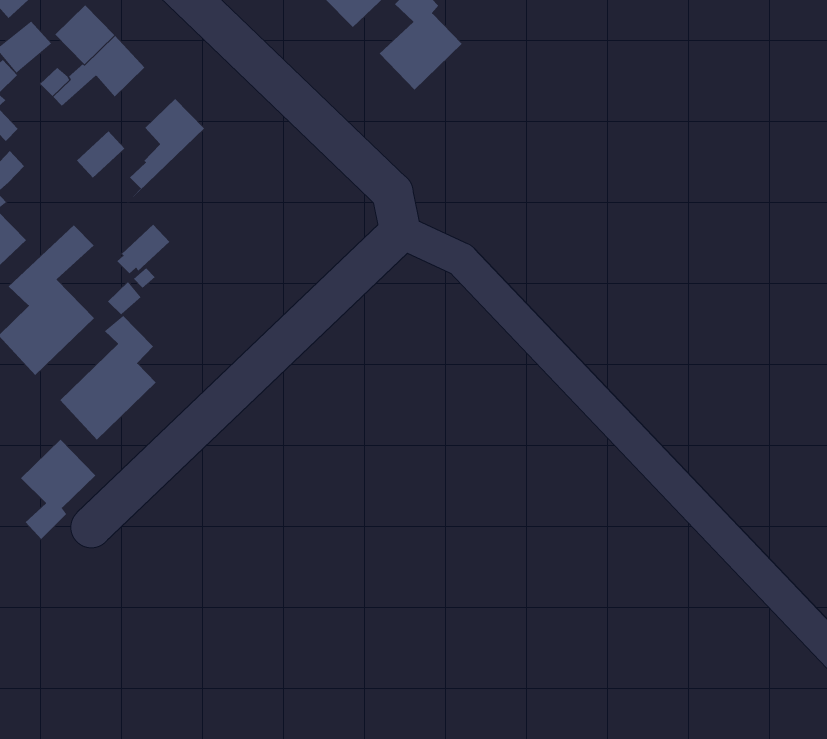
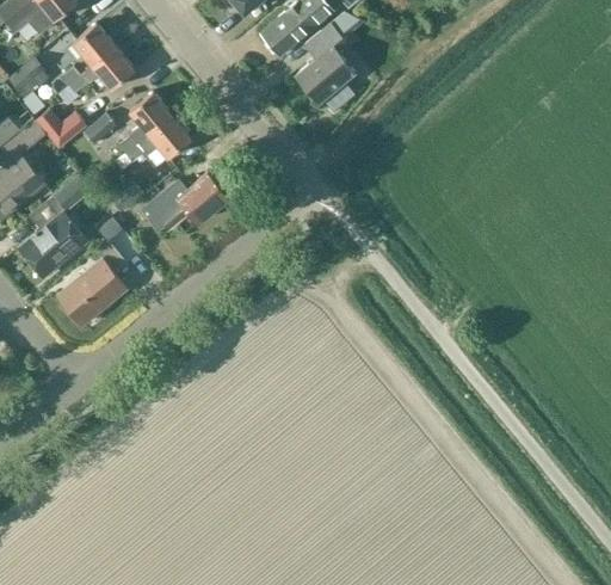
building: none -> [117,116,192,171]
building: none -> [36,109,86,147]
building: none -> [143,172,228,232]
building: [20,439,96,540] -> none

